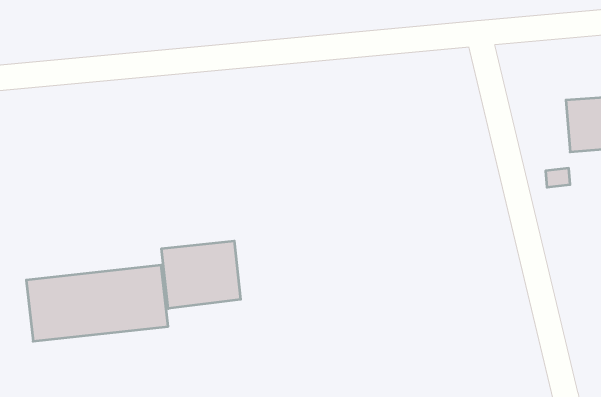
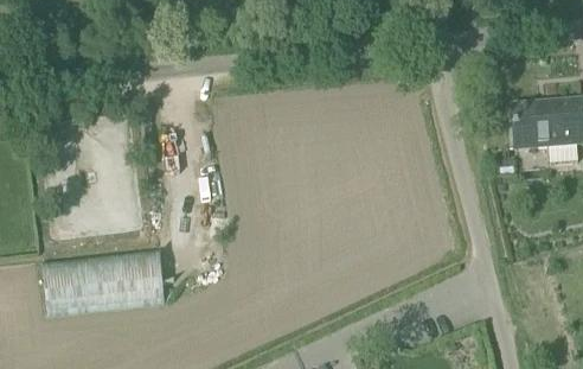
building: [162,241,241,309] -> none

